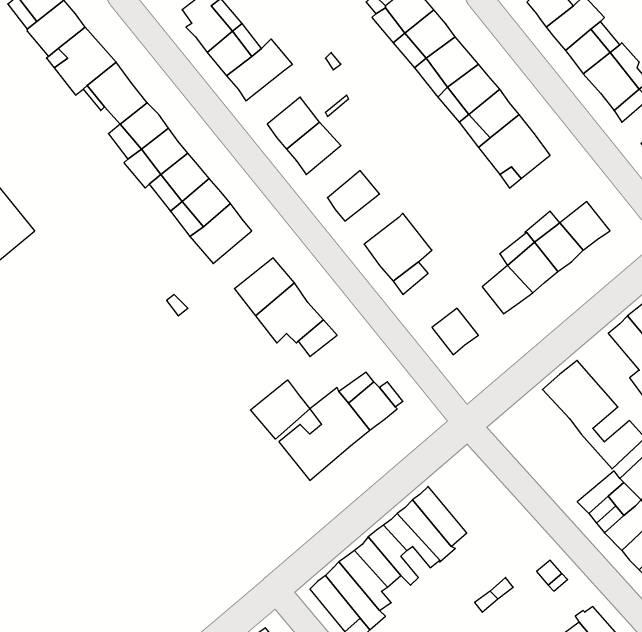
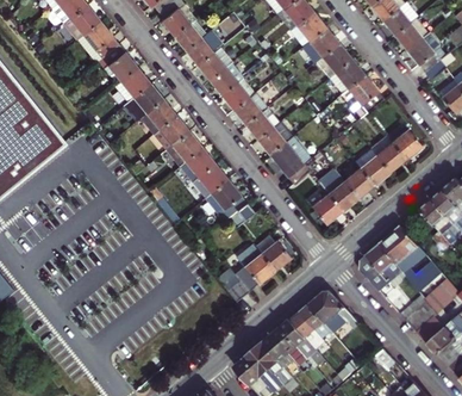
building: none -> [196,47,232,80]
building: none -> [233,93,267,125]
building: none -> [257,123,291,154]
building: none -> [176,146,213,181]
building: none -> [316,168,355,210]
building: [251,380,310,439] -> none
building: none -> [355,243,402,281]
building: none -> [308,290,360,334]

